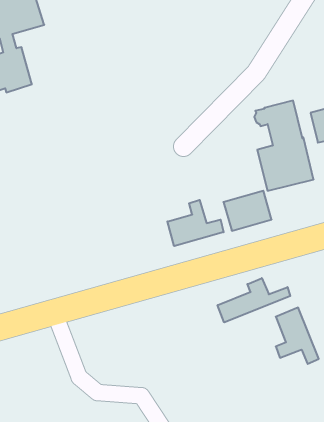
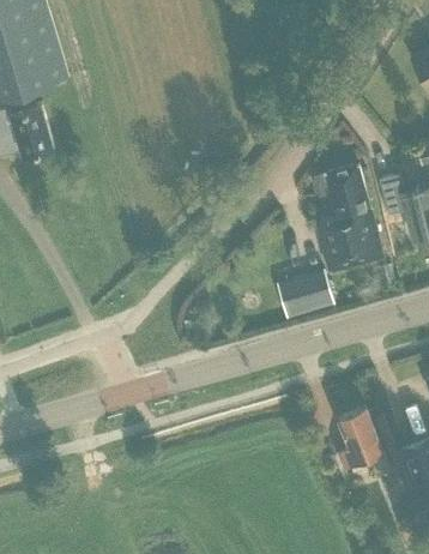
building: [167,200,224,246] -> none
building: [218,278,290,322] -> none

